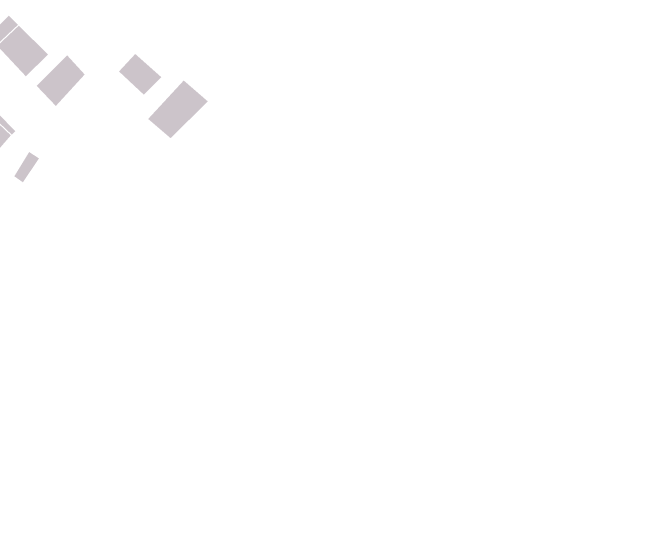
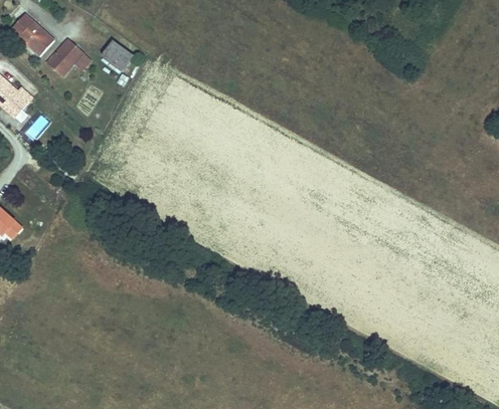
building: [147,80,209,139] -> none

